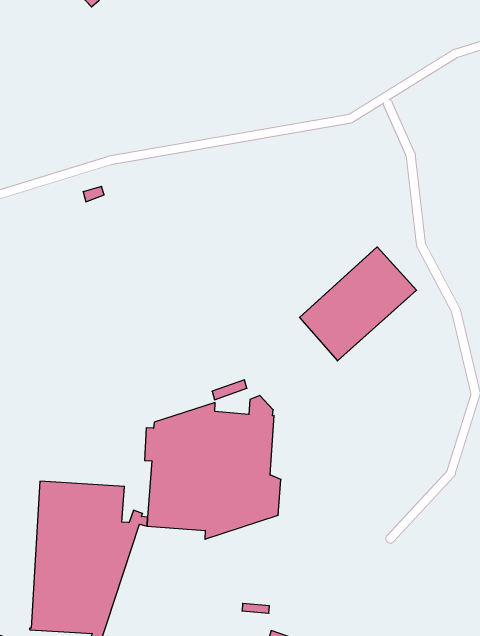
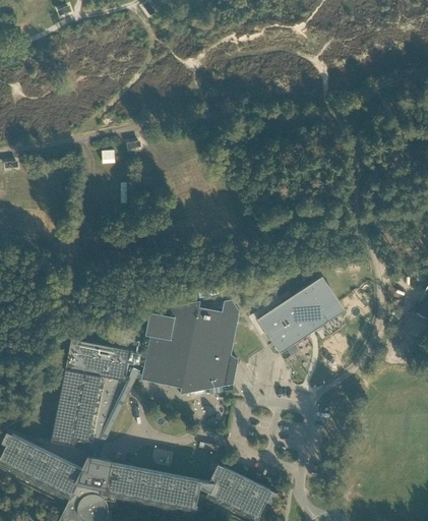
building: [299,247,417,361] -> [257,278,341,353]

